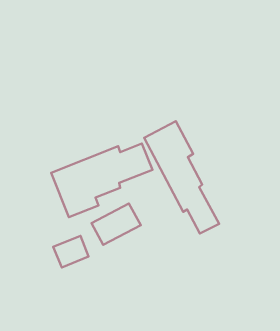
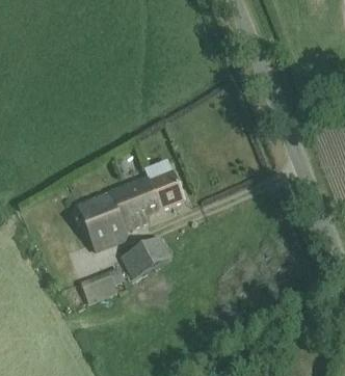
building: [144,121,219,234] -> none

